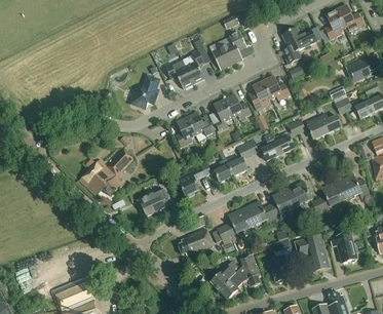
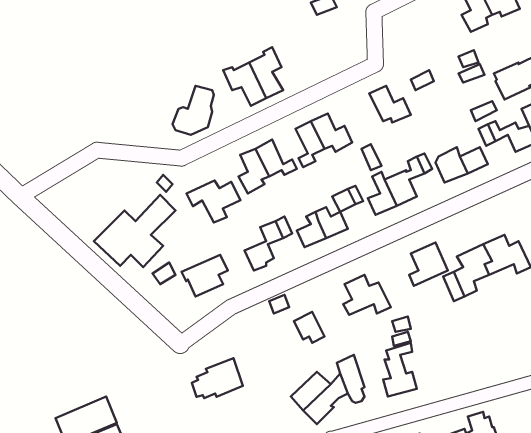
building: [282,27,317,63] -> none
building: [214,29,247,68] -> none
building: [250,79,272,109] -> none
building: none -> [186,180,240,223]
building: [269,186,296,222] -> none
building: [225,206,252,241] -> none
building: [179,228,213,254] -> [192,358,243,398]
building: [295,234,330,271] -> none
building: [331,234,357,263] -> none

